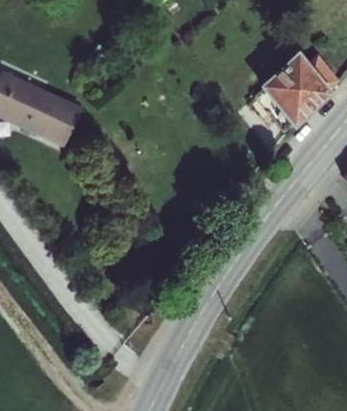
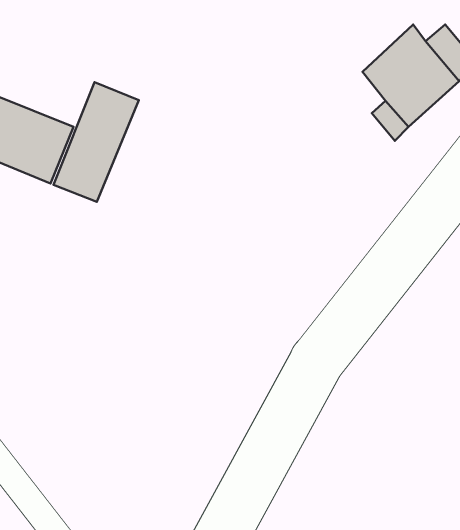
building: none -> [54,82,139,202]

